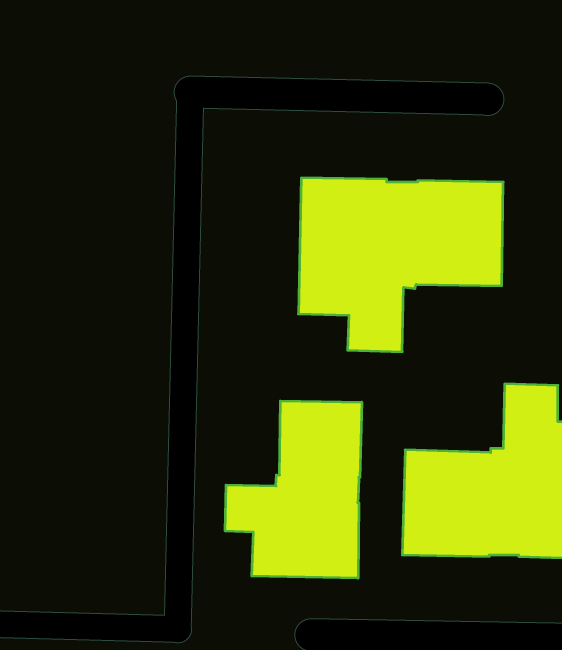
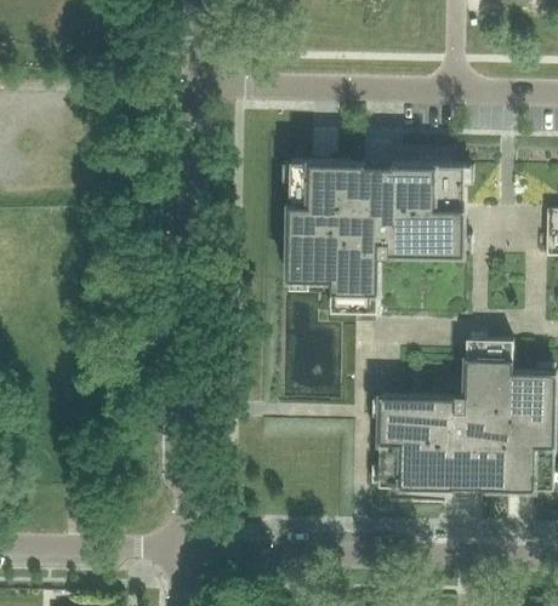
building: [225,401,362,578] -> none

